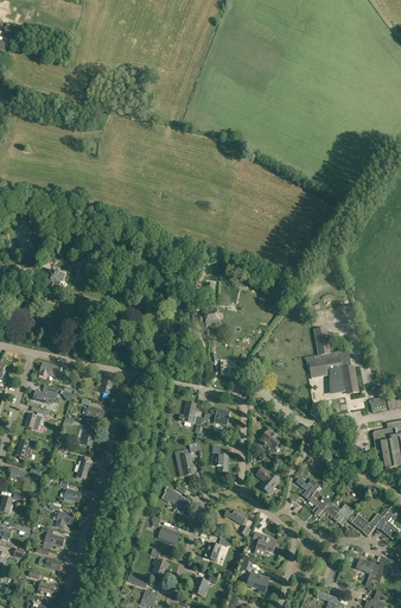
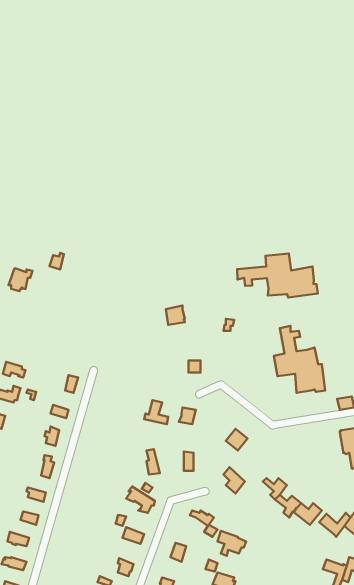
building: none -> [237,253,318,297]

